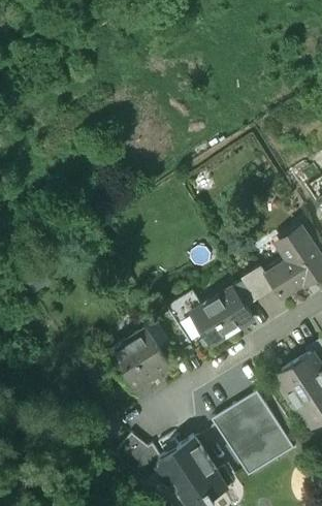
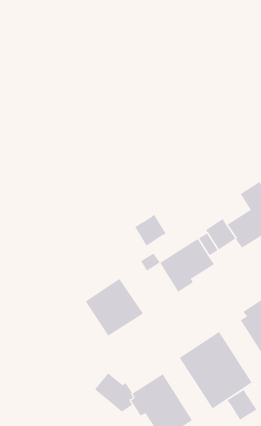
building: none -> [135,214,166,246]
building: none -> [226,389,257,420]

